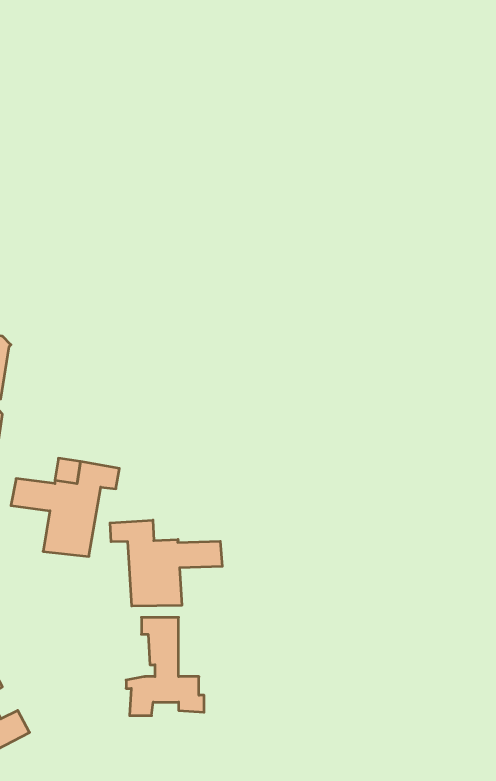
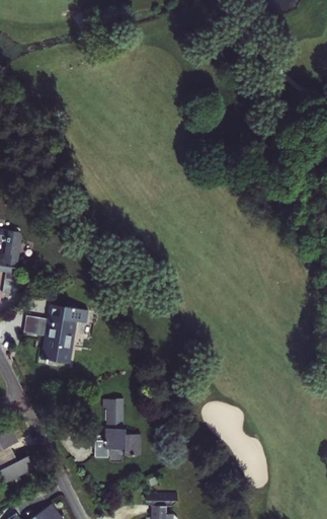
building: [110,520,222,606] -> none

